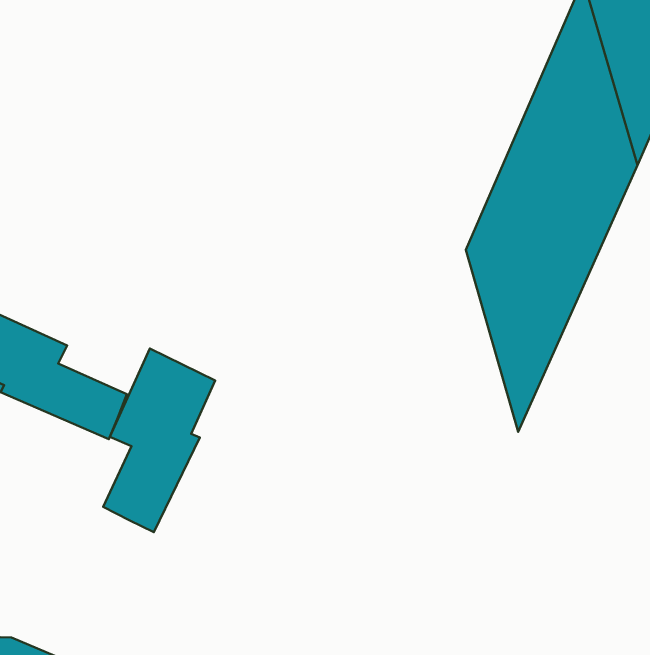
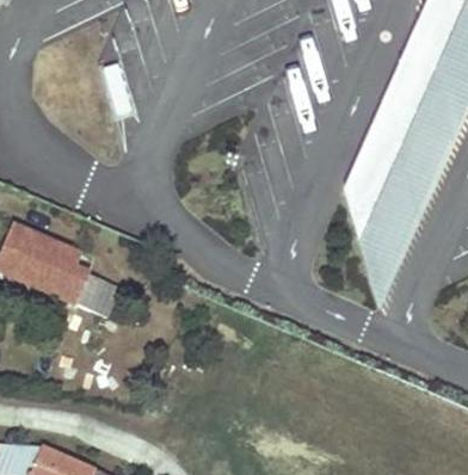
building: [103,349,215,532] -> none

